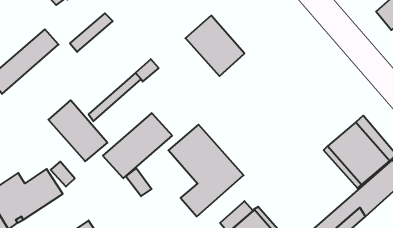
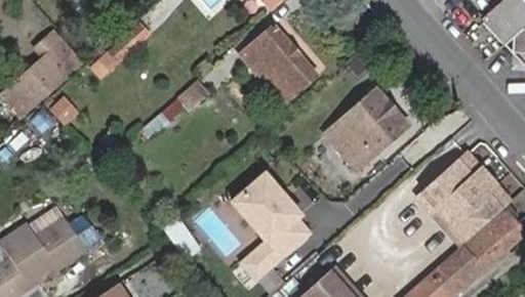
building: none -> [326,89,407,169]
building: [48,100,107,161] -> none
building: [103,113,172,178] -> none

